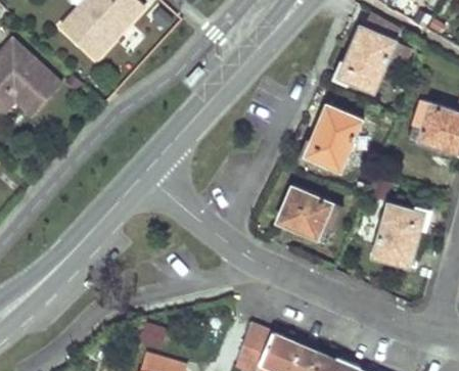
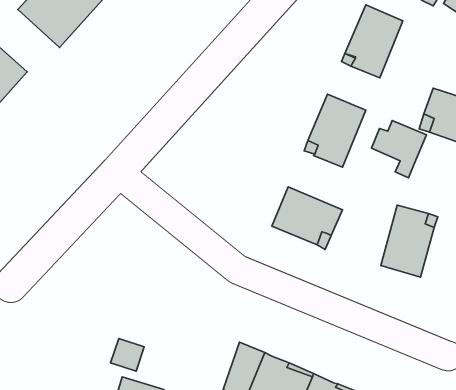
building: none -> [372,121,427,178]

